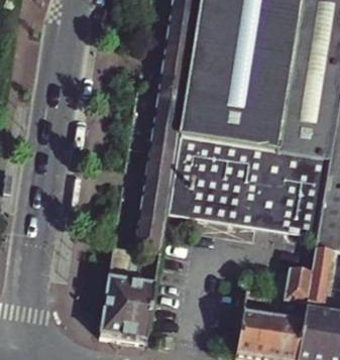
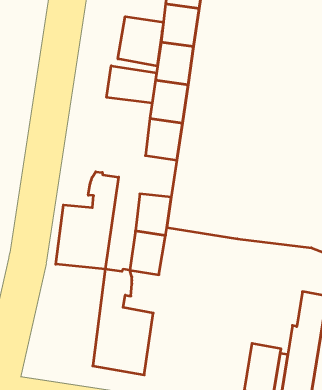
building: none -> [118,17,163,66]
building: none -> [107,66,156,103]
building: [144,144,178,182] -> none
building: none -> [56,172,119,269]

